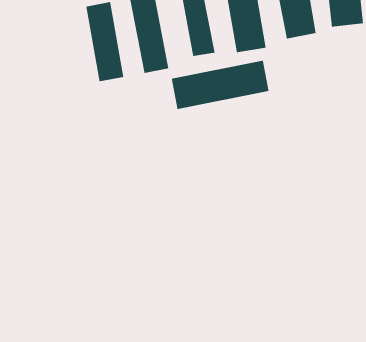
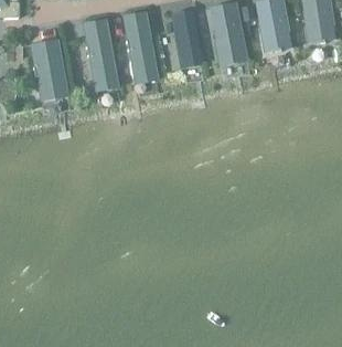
building: none -> [28,38,68,102]
building: [171,60,269,110] -> none

